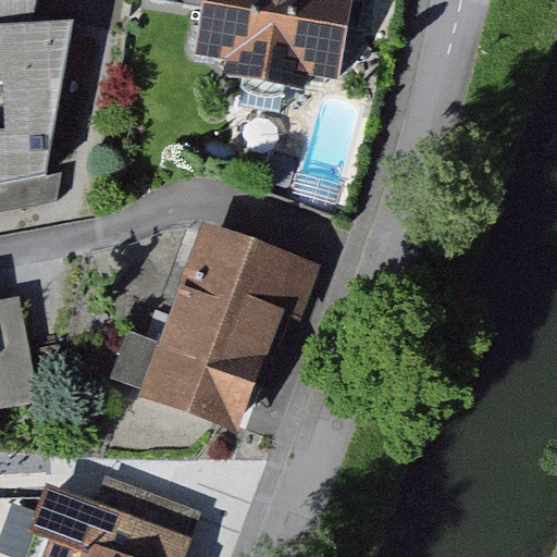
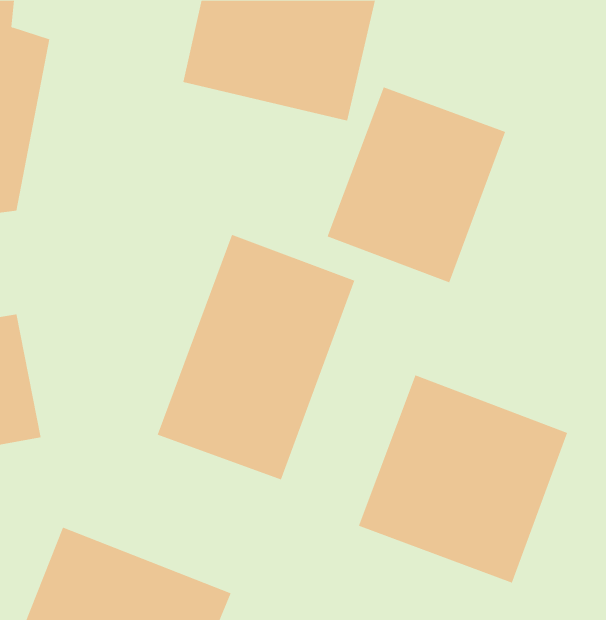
building: none -> [327,86,506,283]
building: none -> [358,375,568,583]

